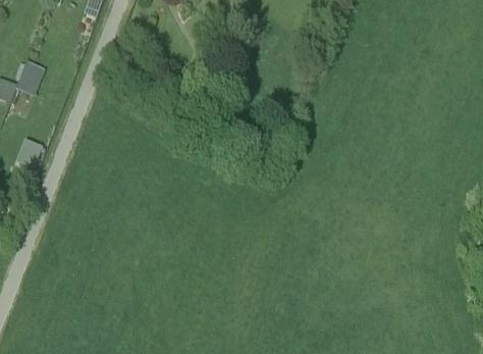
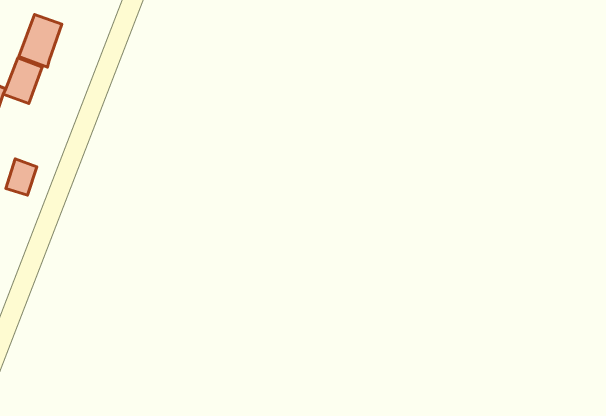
building: none -> [19,15,62,67]

